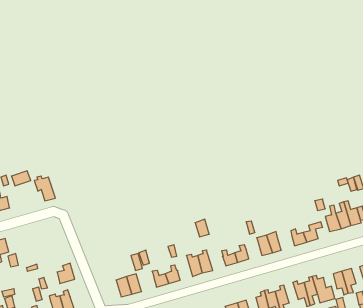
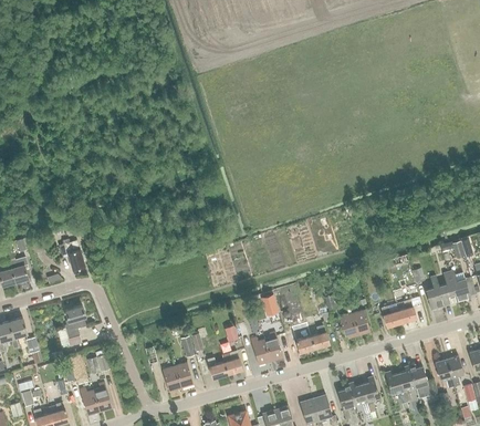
building: none -> [65,305,85,339]

